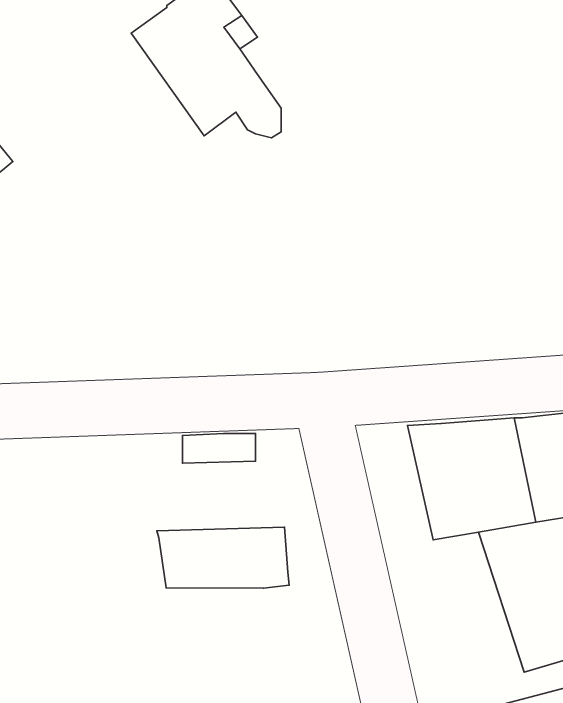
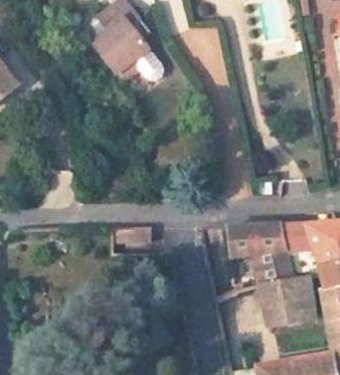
building: [157,527,289,588] -> none

